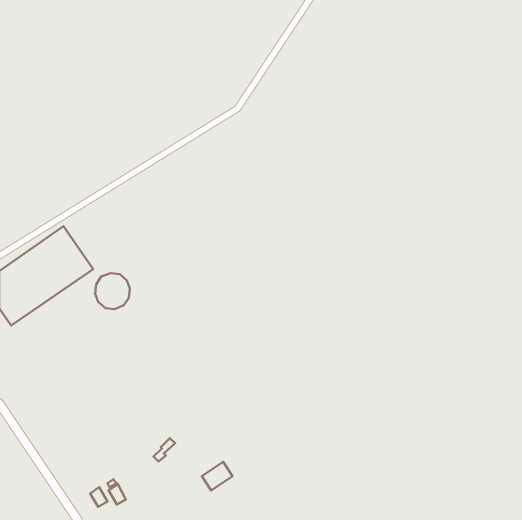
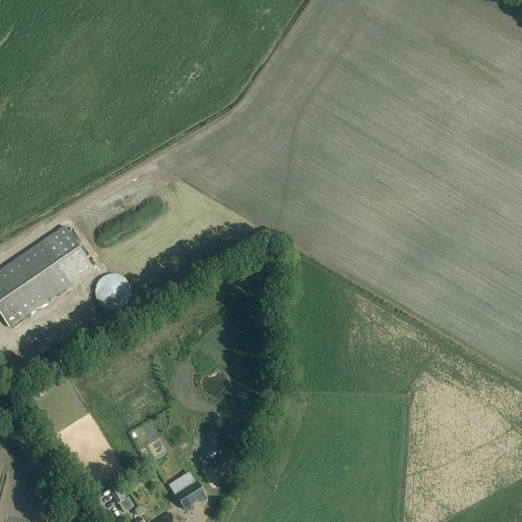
building: [202,462,233,490] -> [174,479,205,508]

